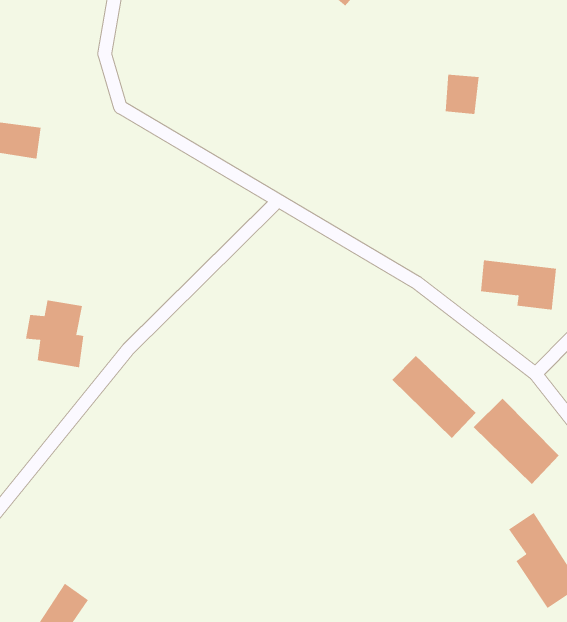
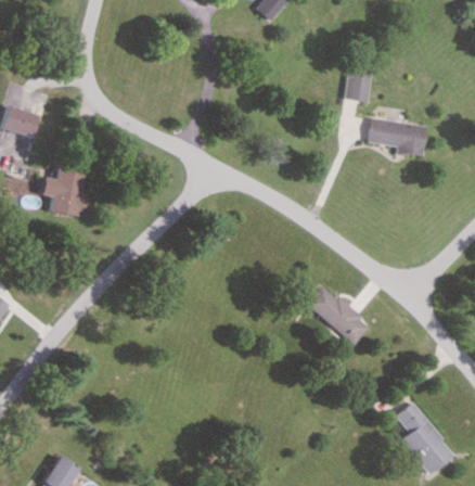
building: [480,260,557,310] -> [369,118,426,156]
building: [25,300,84,368] -> [43,166,88,217]
building: [473,398,560,485] -> none

